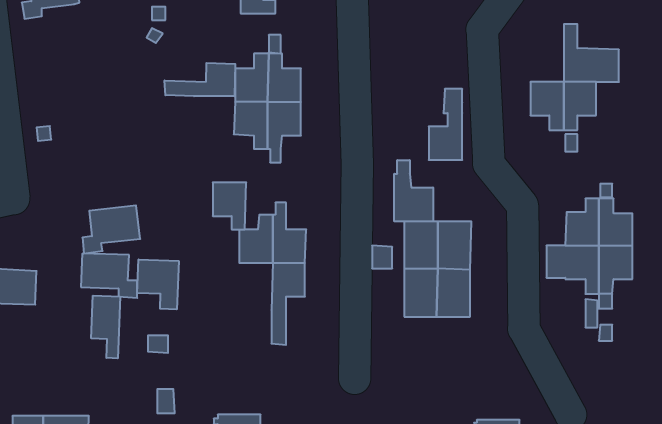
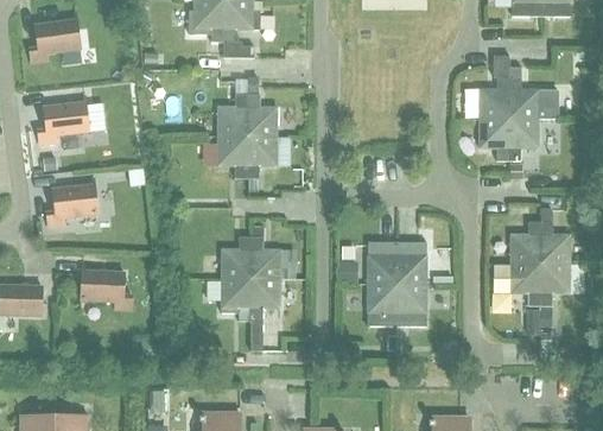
building: [165,63,235,96] -> none
building: none -> [38,101,89,142]
building: [429,89,462,160] -> [480,55,509,118]
building: [394,160,433,221] -> none
building: [213,182,246,229] -> [222,278,252,319]
building: [82,205,140,254] -> [47,183,99,226]
building: [137,259,179,309] -> none
building: [91,296,120,358] -> none

